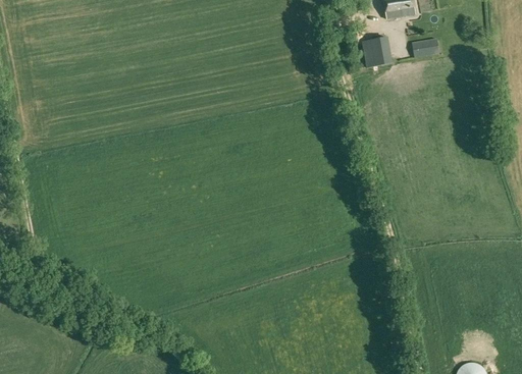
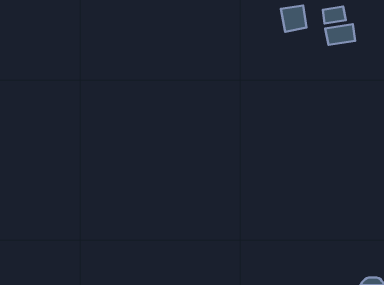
building: none -> [325,24,355,45]

